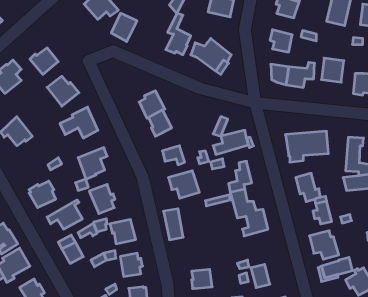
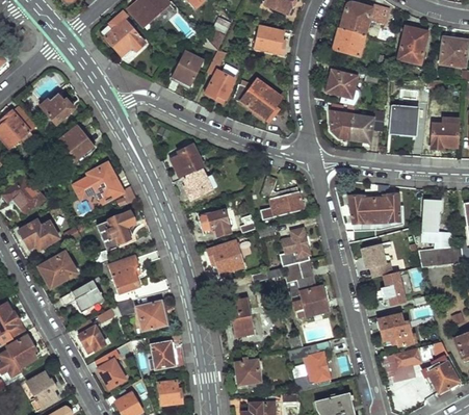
building: [111,13,137,42] -> [172,51,203,85]
building: none -> [19,221,57,250]
building: [163,209,183,240] -> [230,299,254,336]
building: none -> [97,359,124,387]

